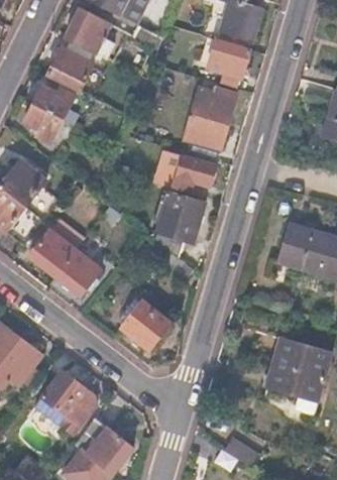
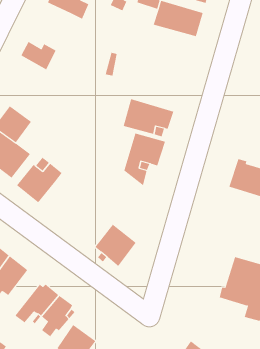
building: [47,40,92,90] -> none
building: [181,88,234,149] -> none
building: [23,101,64,140] -> none
building: [54,249,101,295] -> none

